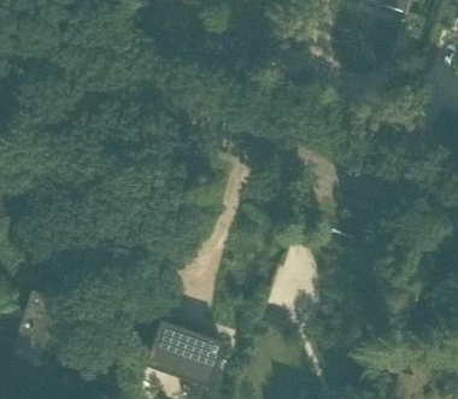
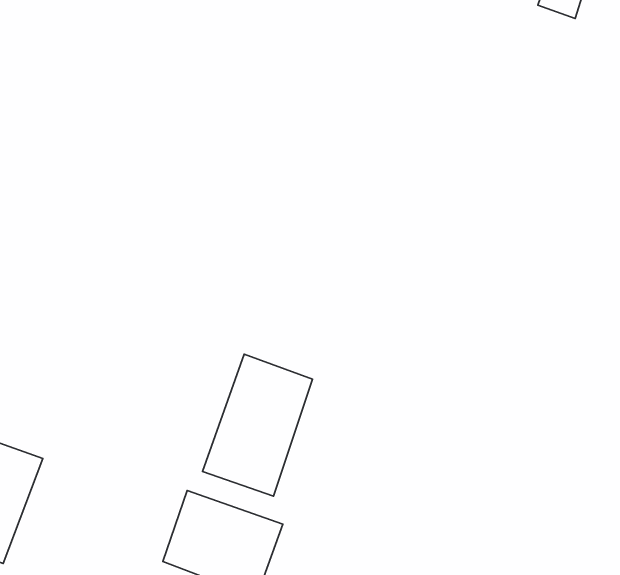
building: none -> [203,354,313,496]

